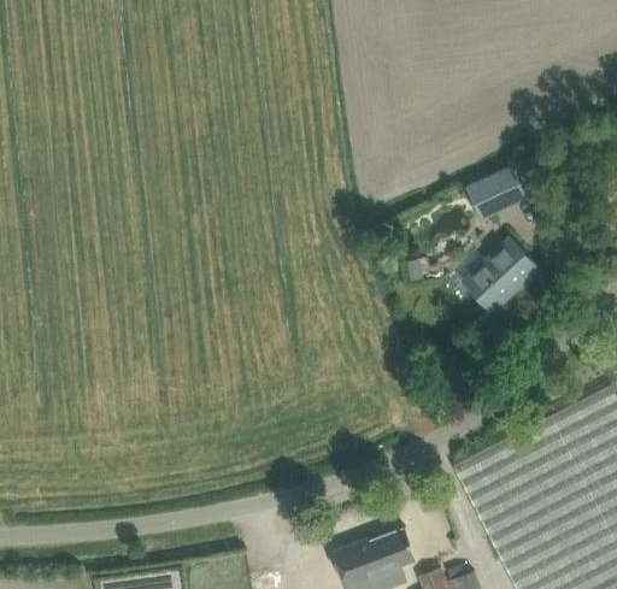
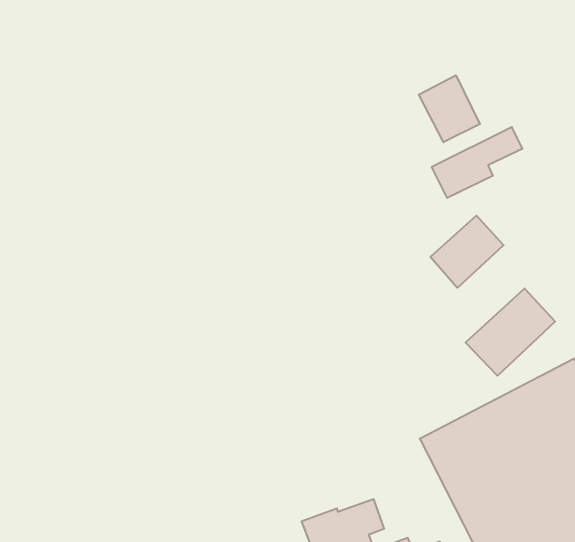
building: none -> [419,75,480,142]
building: none -> [466,288,555,376]

